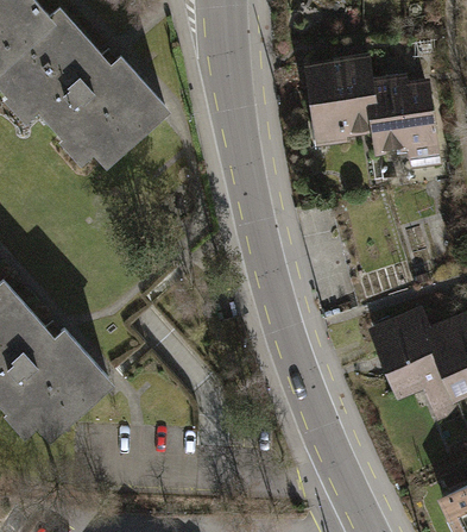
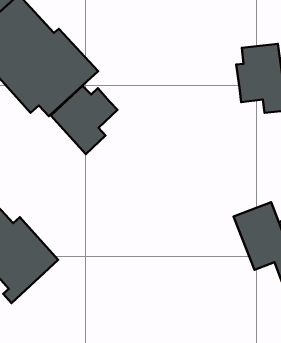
building: [302,54,379,144] -> none
building: none -> [51,86,118,154]

